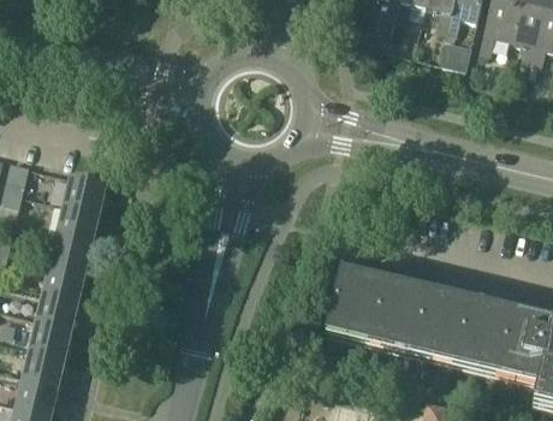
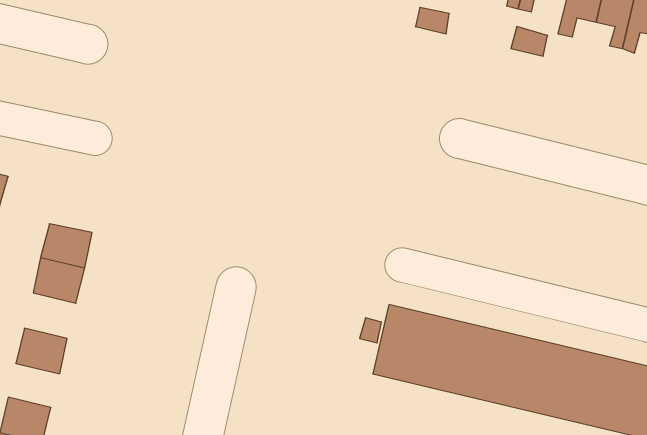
building: [63,176,105,213] -> none
building: [42,262,84,300] -> none
building: [29,320,71,356] -> none

